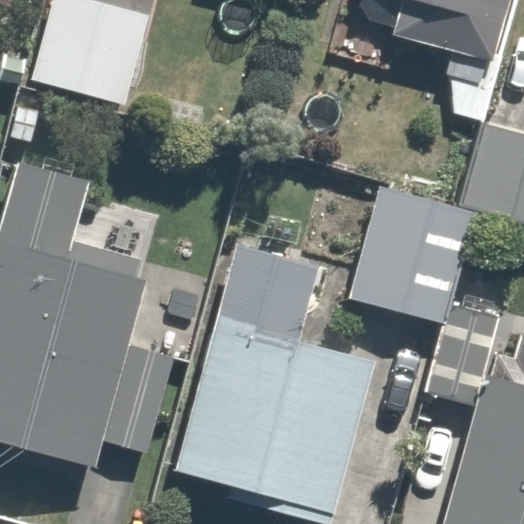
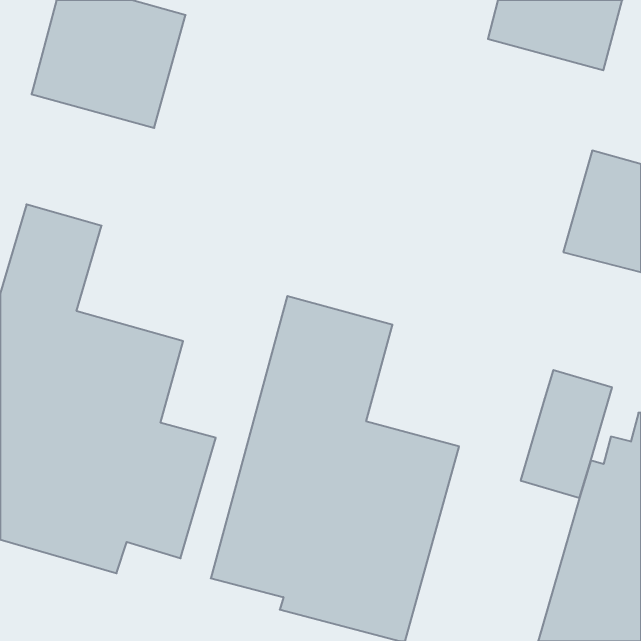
building: [348,186,476,325] -> none

